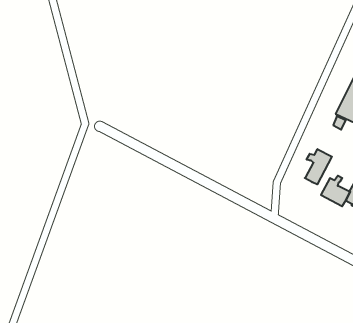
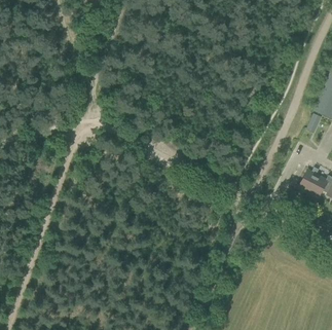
building: [305,149,332,184] -> none

